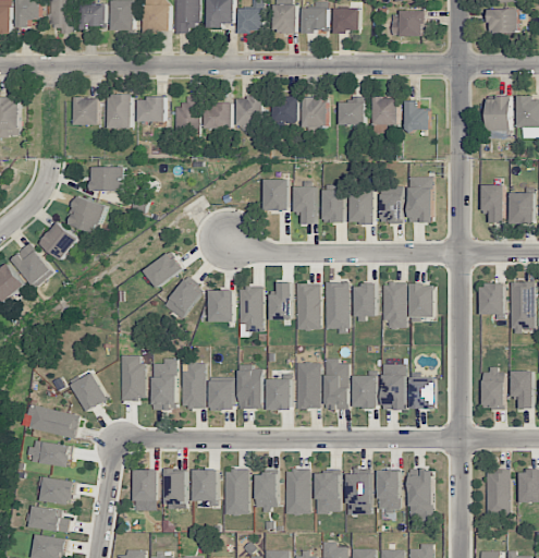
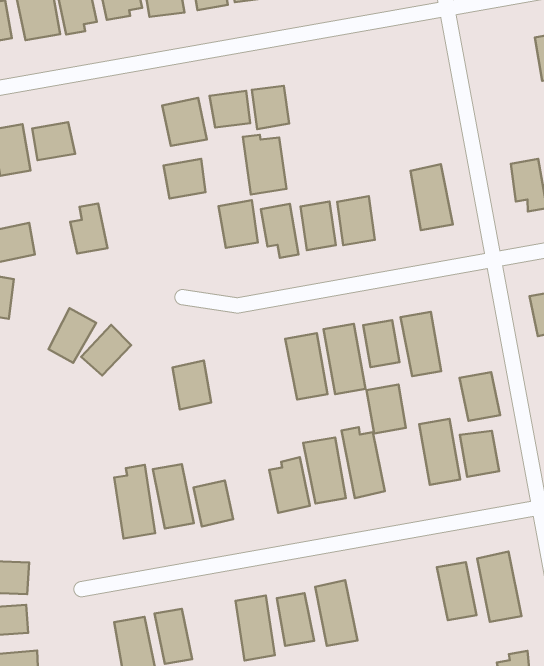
building: [339,96,364,125] -> none
building: [173,97,197,131] -> [70,204,108,254]
building: [487,97,510,138] -> none
building: [372,98,397,125] -> none
building: [404,100,429,131] -> none
building: [204,104,232,129] -> [164,159,206,199]
building: none -> [243,135,286,195]
building: [380,186,402,221] -> none
building: [164,278,203,318] -> [49,308,96,363]
building: [269,282,291,320] -> none
building: [409,284,434,317] -> [459,372,500,421]
building: [238,287,262,332] -> none
building: [121,355,143,400] -> none
building: [238,369,262,409] -> none
building: [71,373,109,412] -> none
building: [353,375,377,408] -> [367,384,406,433]
building: [194,470,218,500] -> none
building: [346,470,370,514] -> none
building: [316,474,340,513] -> none

